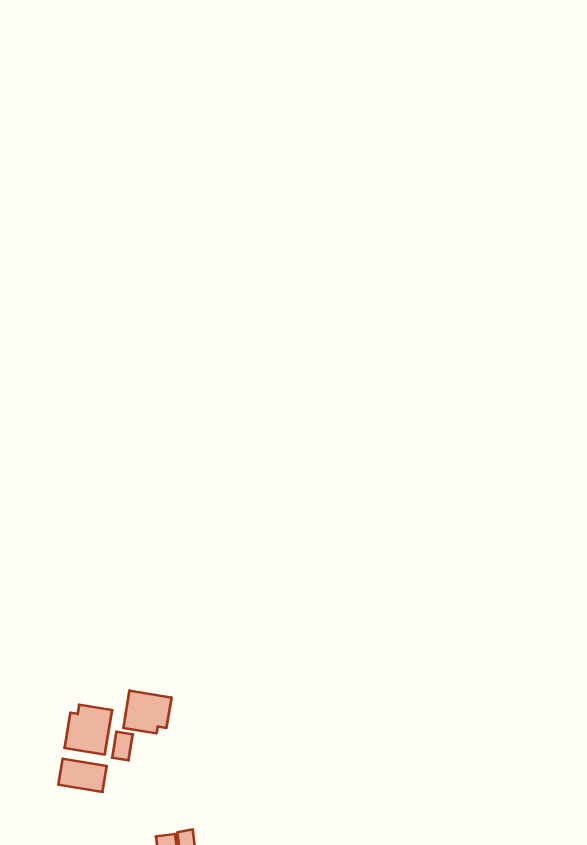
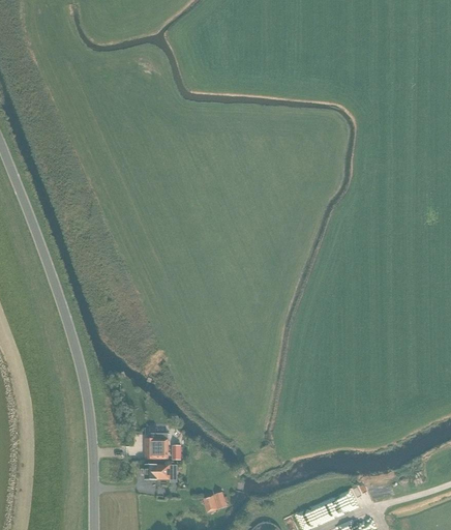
building: [123,690,171,733] -> none

